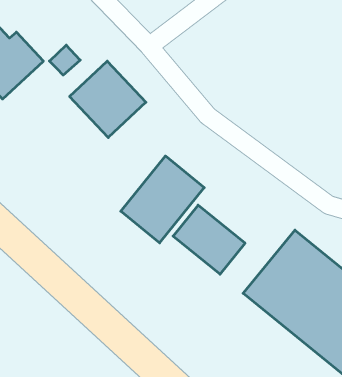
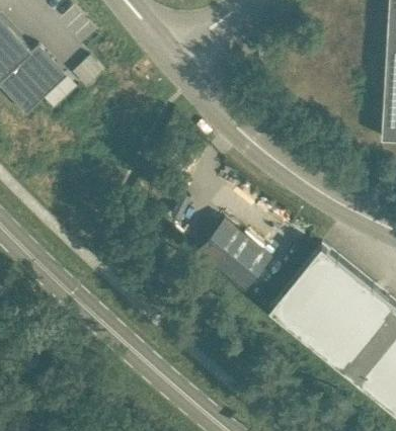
building: [70,61,146,138] -> none
building: [121,156,204,243] -> none

